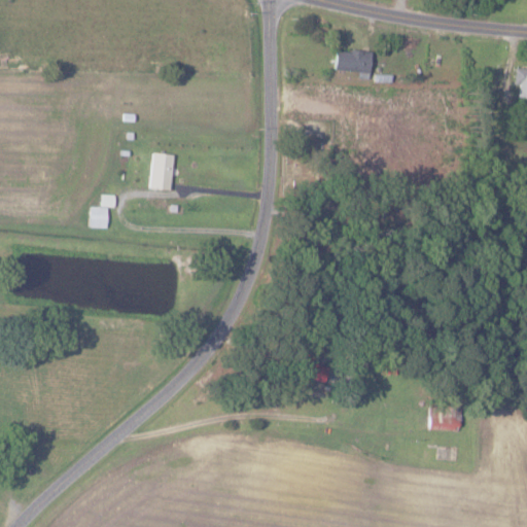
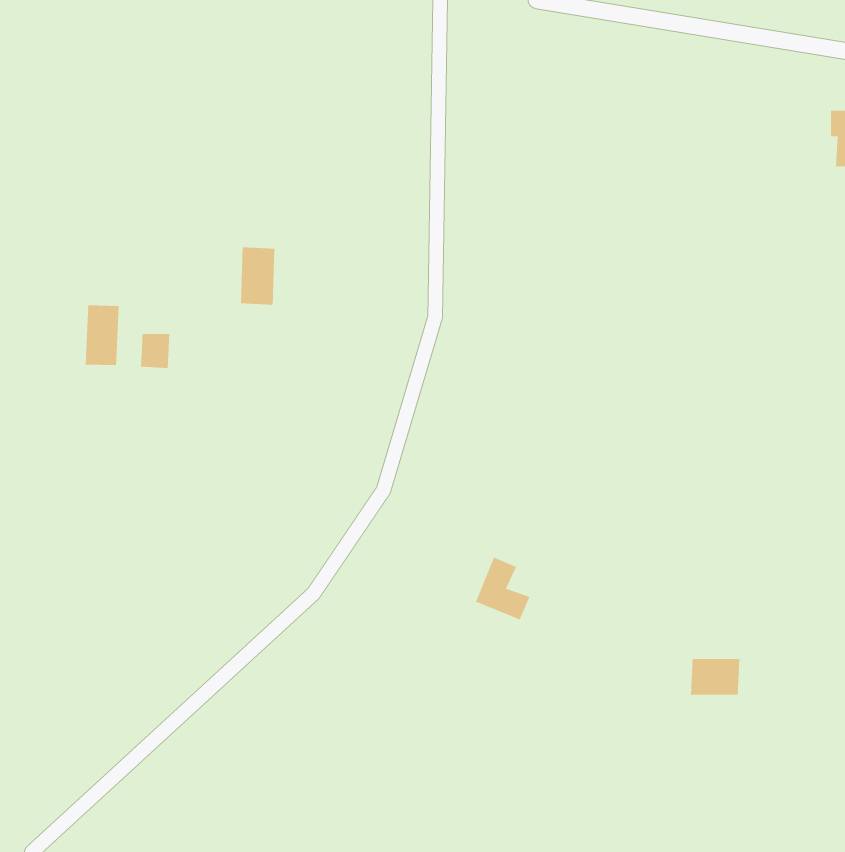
building: [337,49,373,75] -> none
building: none -> [85,305,119,366]

